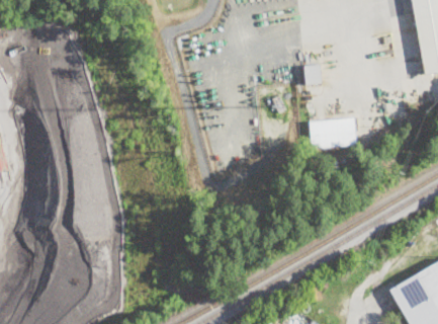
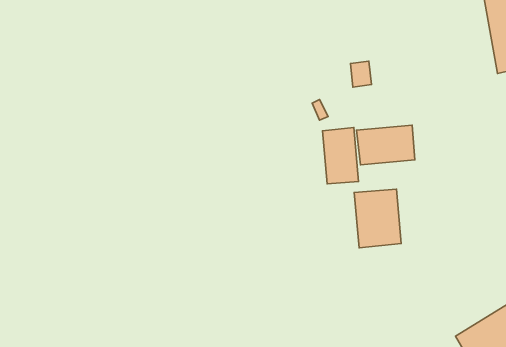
building: none -> [323,127,359,184]
building: none -> [354,189,401,248]

